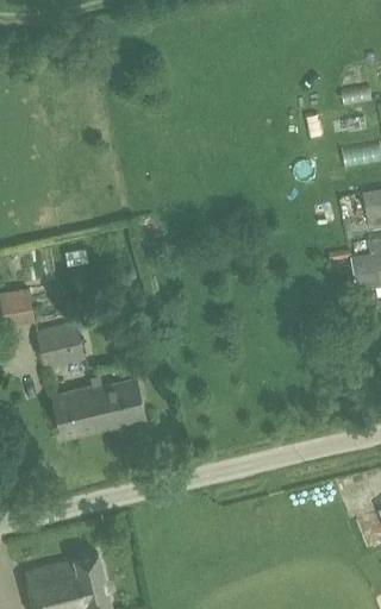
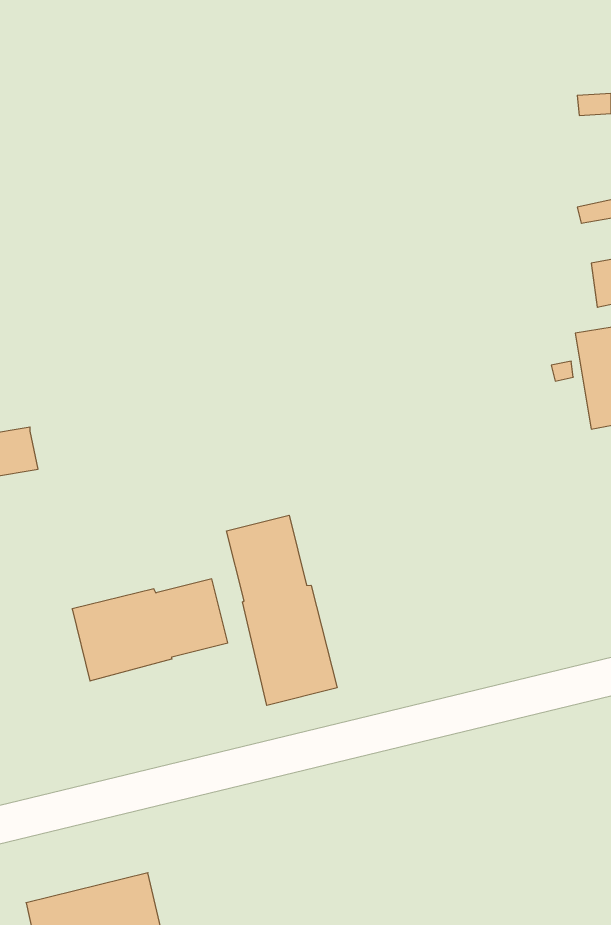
building: [38,325,85,369] -> none
building: none -> [227,515,337,705]

